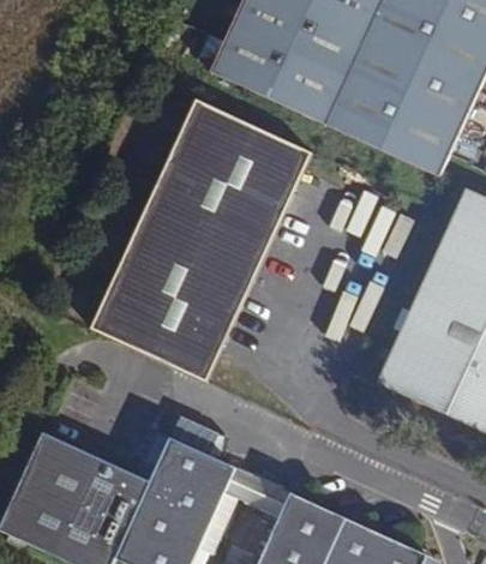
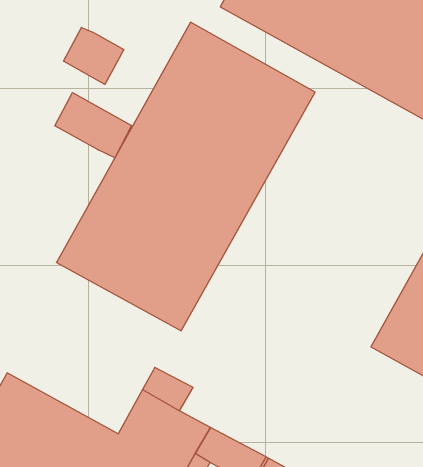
building: none -> [64,27,124,84]
building: none -> [55,93,131,158]

